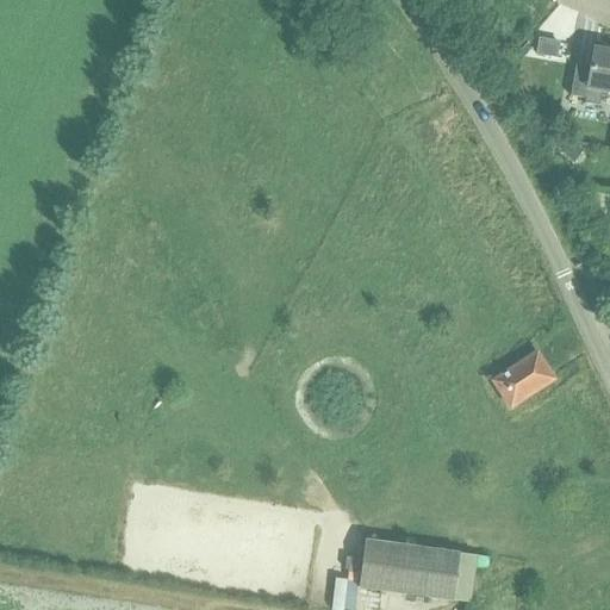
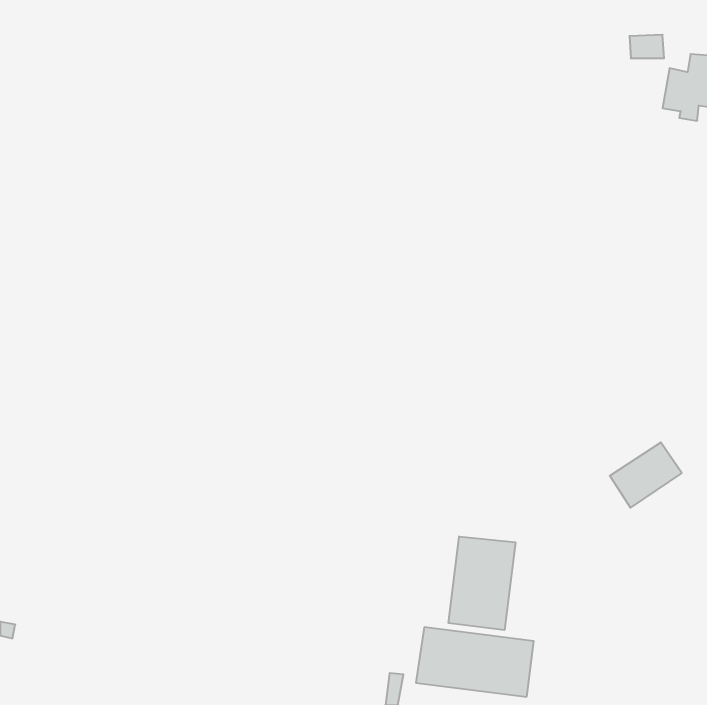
building: [493,350,555,406] -> [610,442,682,508]
building: none -> [448,536,515,630]

